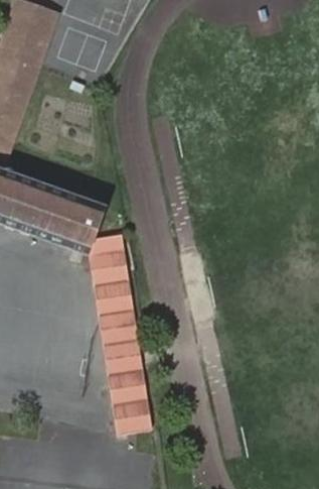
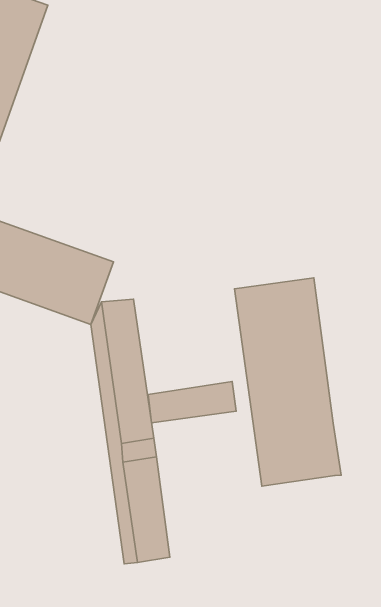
building: none -> [234,278,341,486]
building: none -> [148,381,236,423]

